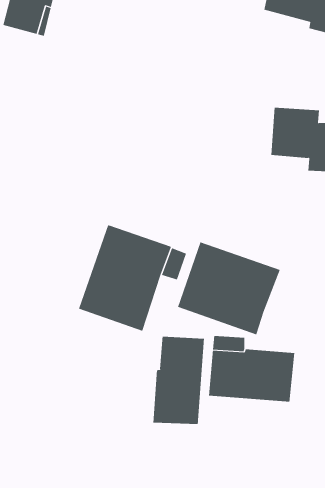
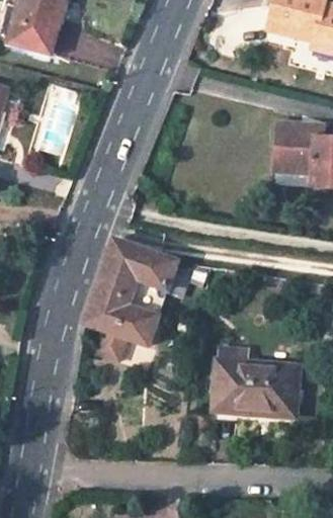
building: [177,241,281,335] -> none
building: [153,336,205,425] -> none

